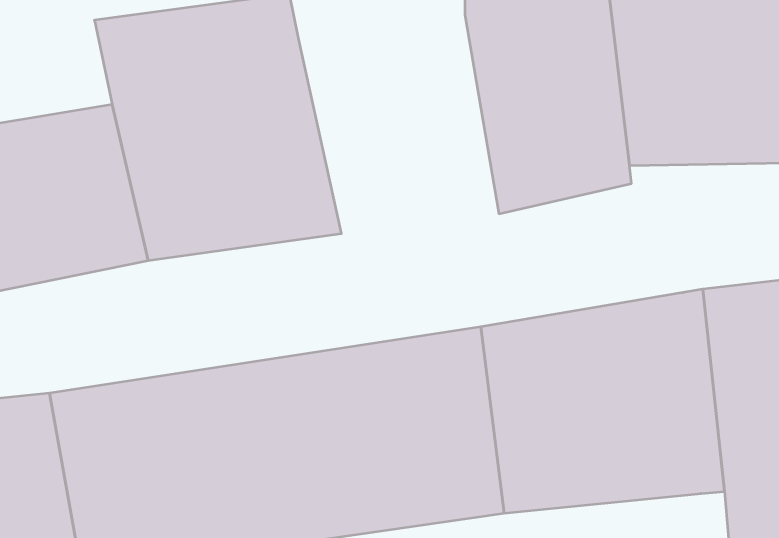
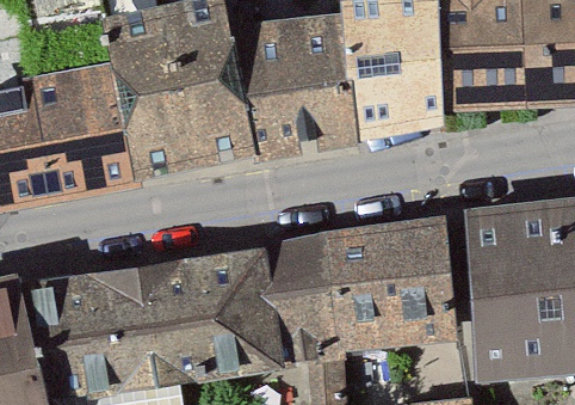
building: none -> [222,17,355,162]

